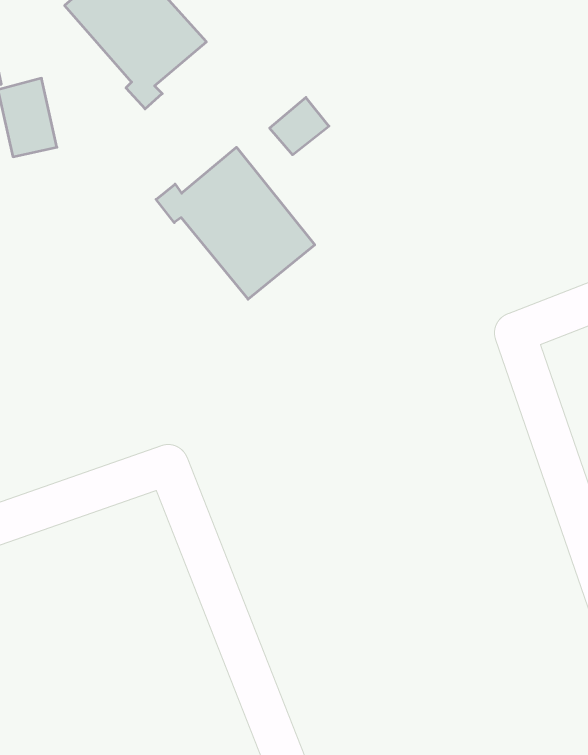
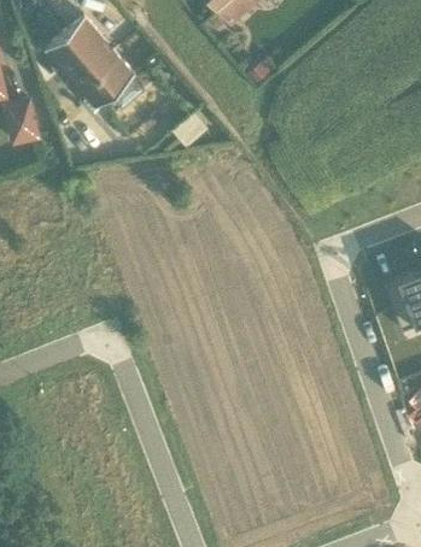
building: [156,147,315,299] -> none

